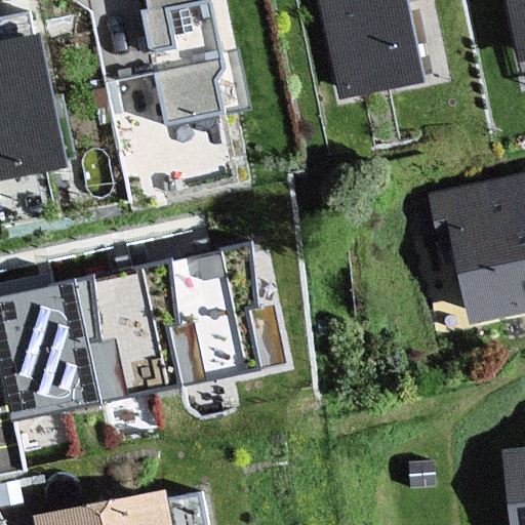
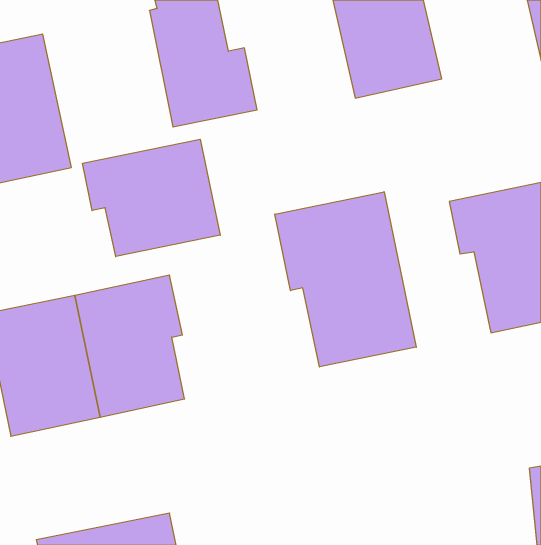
building: none -> [83,139,220,257]
building: none -> [275,192,416,367]
building: [163,246,257,383] -> none

